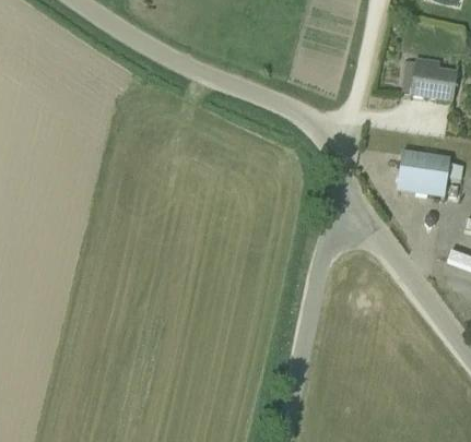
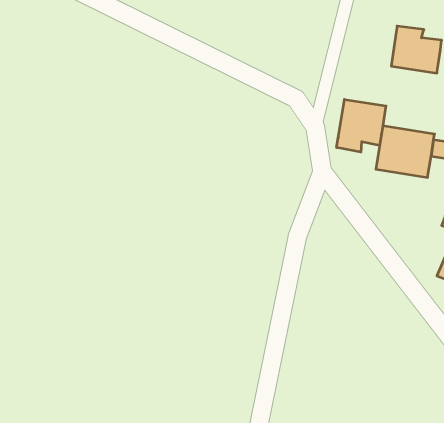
building: none -> [337,99,386,152]

